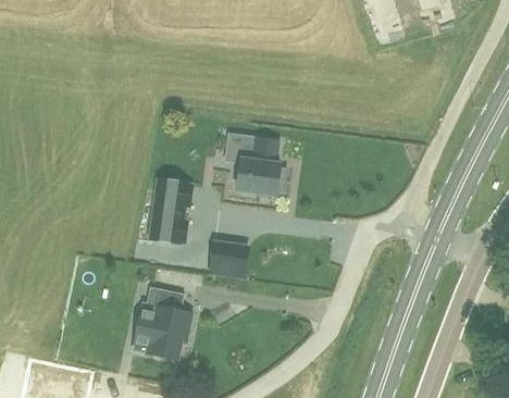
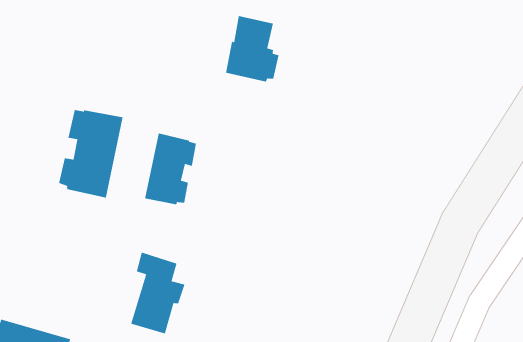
building: [237,137,285,196] -> [225,15,280,83]
building: none -> [58,109,124,199]

